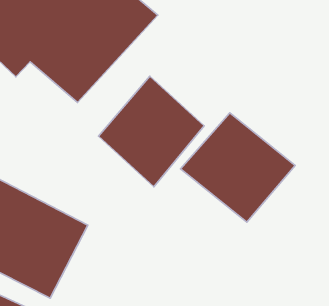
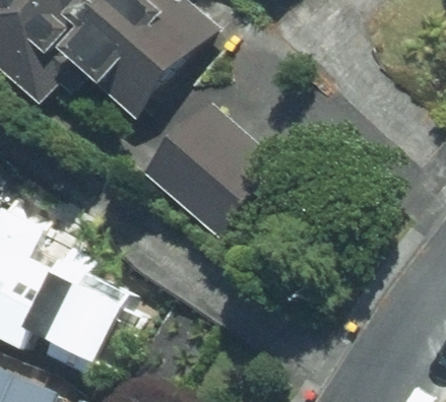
building: [180,113,295,222] -> none

